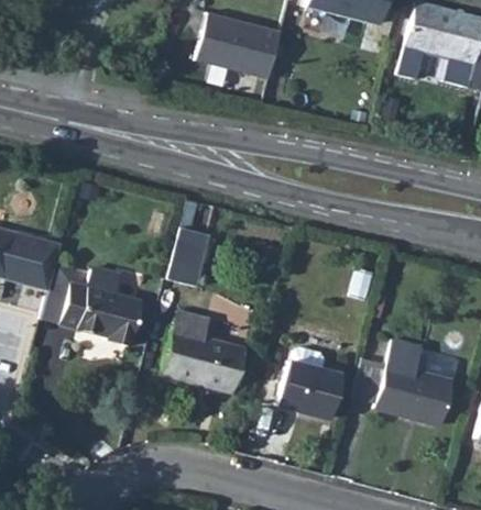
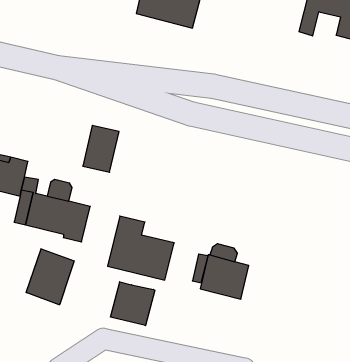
building: [172,223,218,282] -> [83,125,119,172]
building: [376,341,455,425] -> none
building: none -> [26,249,74,305]
building: none -> [111,282,155,326]

